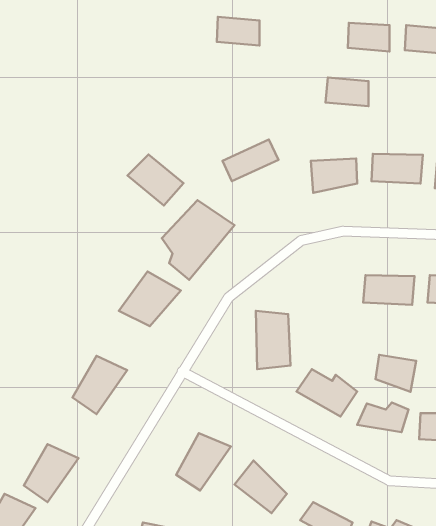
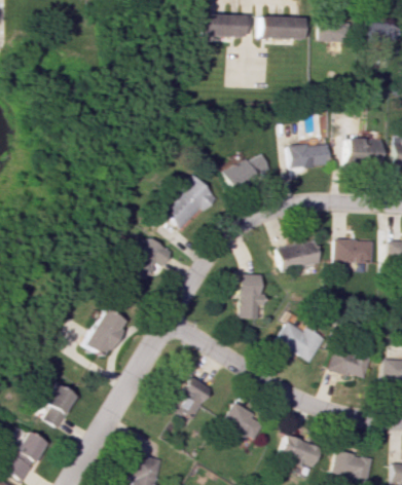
building: [325,78,368,106] -> [264,17,301,42]
building: [222,139,278,181] -> [225,152,273,188]
building: [128,154,184,206] -> none
building: none -> [275,240,320,273]
building: [376,355,416,392] -> none

